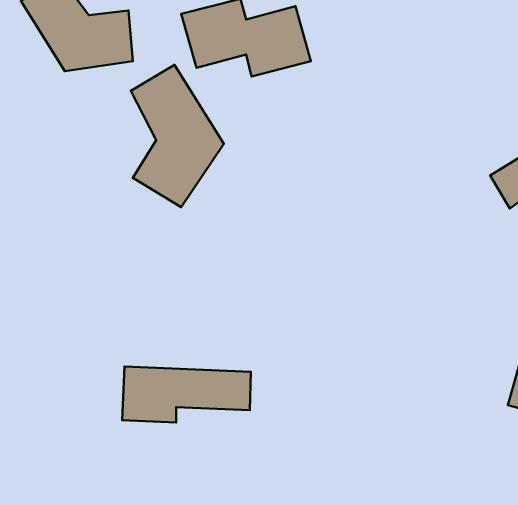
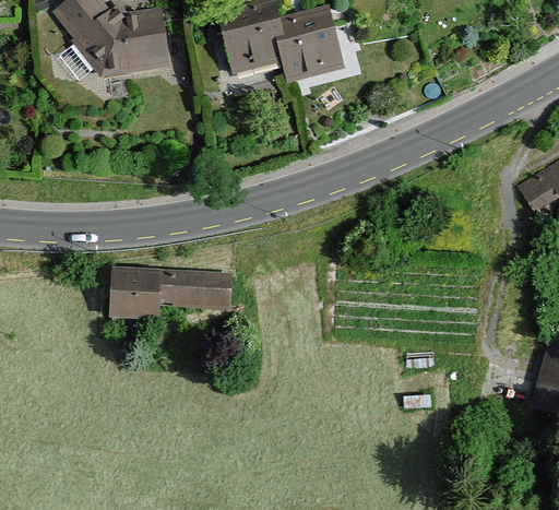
building: [131,65,224,207] -> none
building: [122,366,251,422] -> [114,266,241,322]

